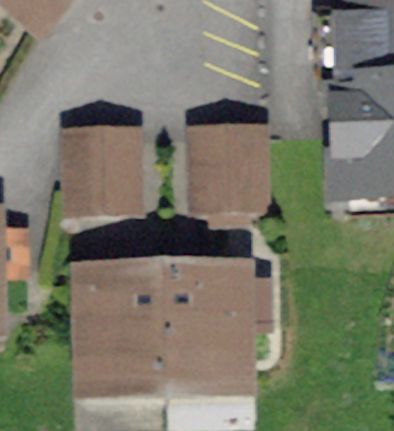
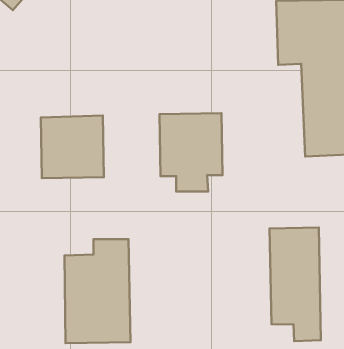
building: [162,261,264,387] -> none
building: none -> [269,228,321,341]

